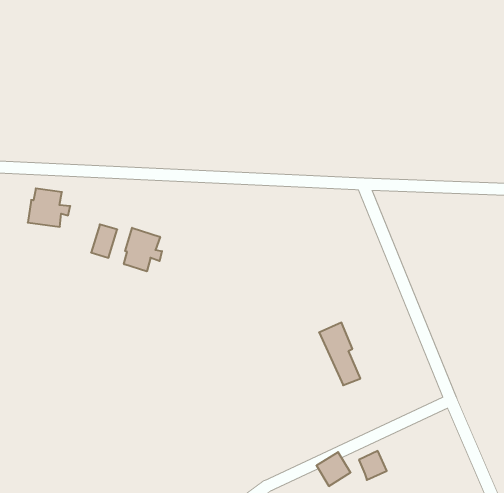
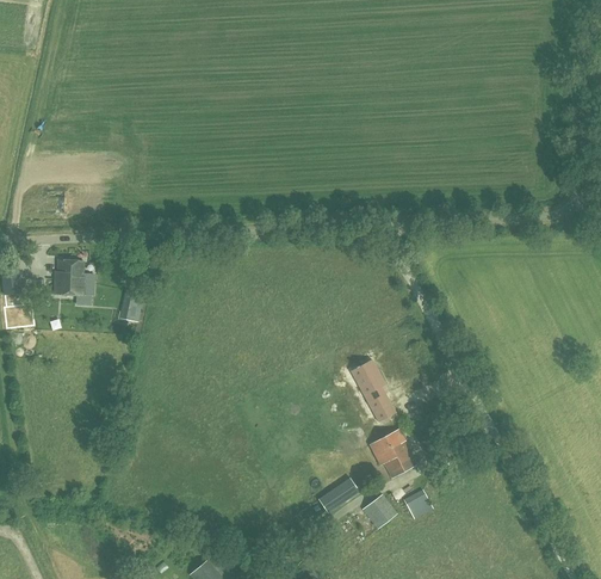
building: [124,228,162,271] -> none
building: none -> [370,427,416,478]
building: none -> [318,476,360,512]

